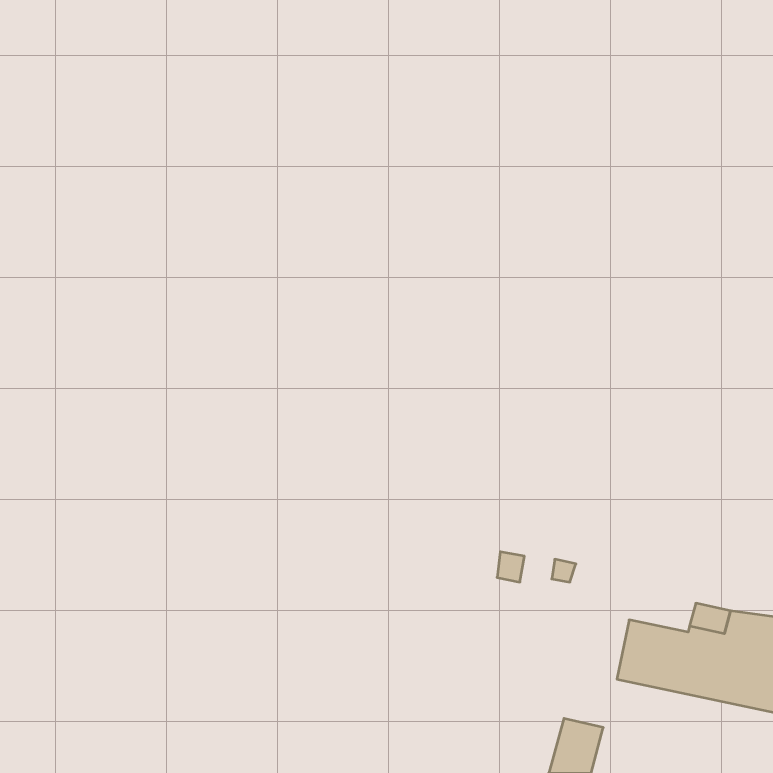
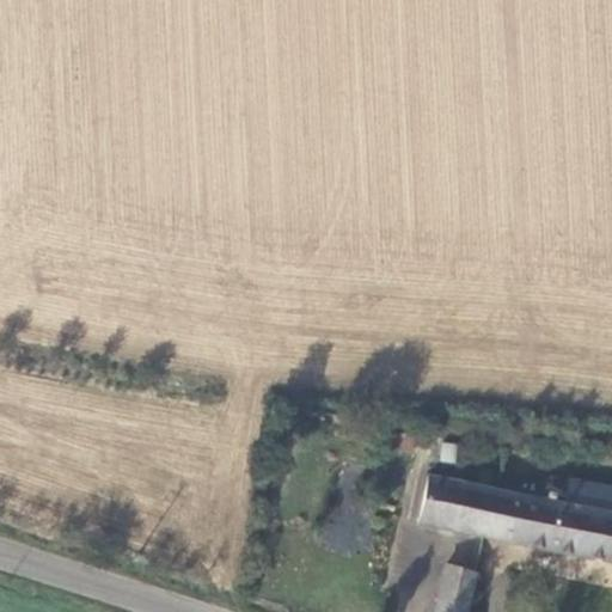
building: none -> [420,473,497,536]

